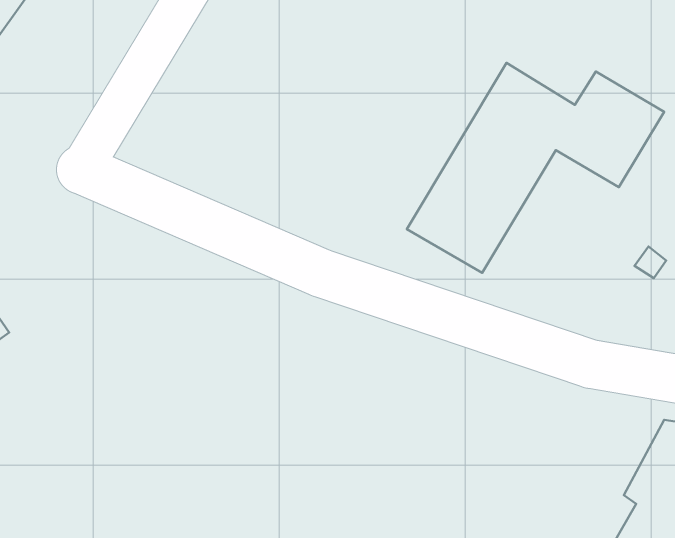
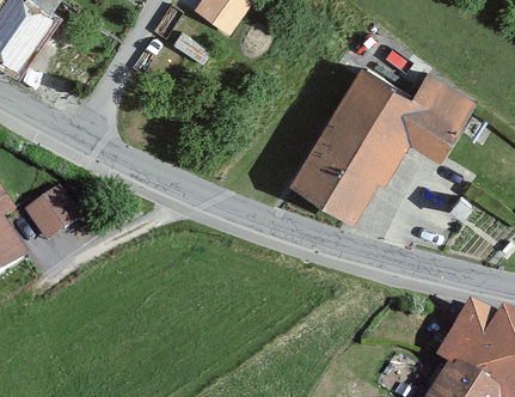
building: none -> [25,190,78,242]

